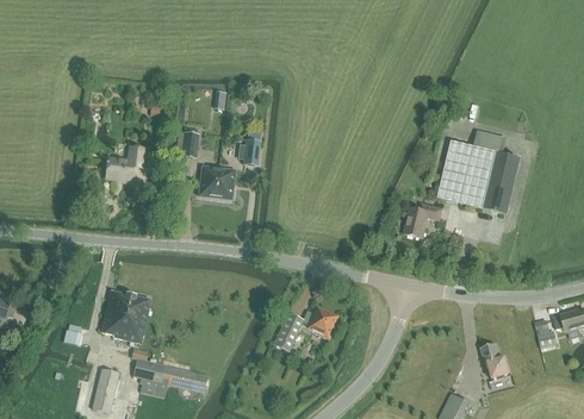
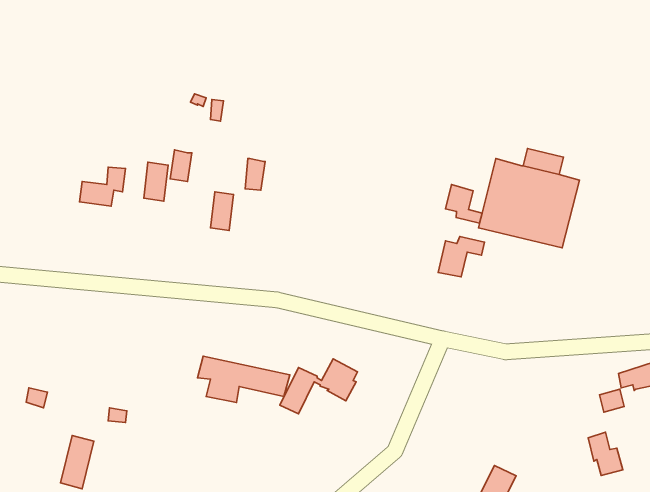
building: none -> [445,185,482,223]
building: [199,164,219,196] -> [144,162,168,201]
building: [101,289,151,343] -> none
building: [482,343,510,379] -> [588,432,623,475]
building: [132,358,209,396] -> [197,356,290,402]

